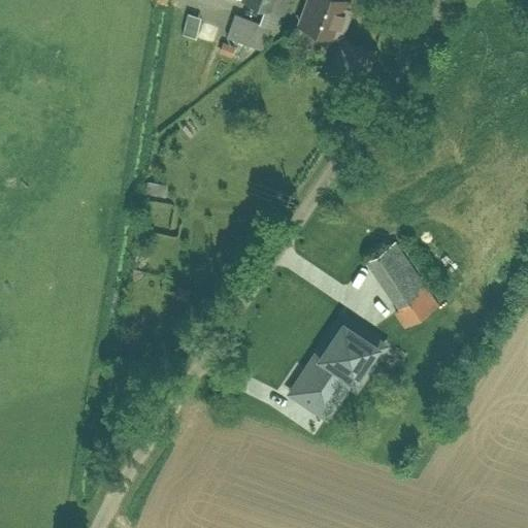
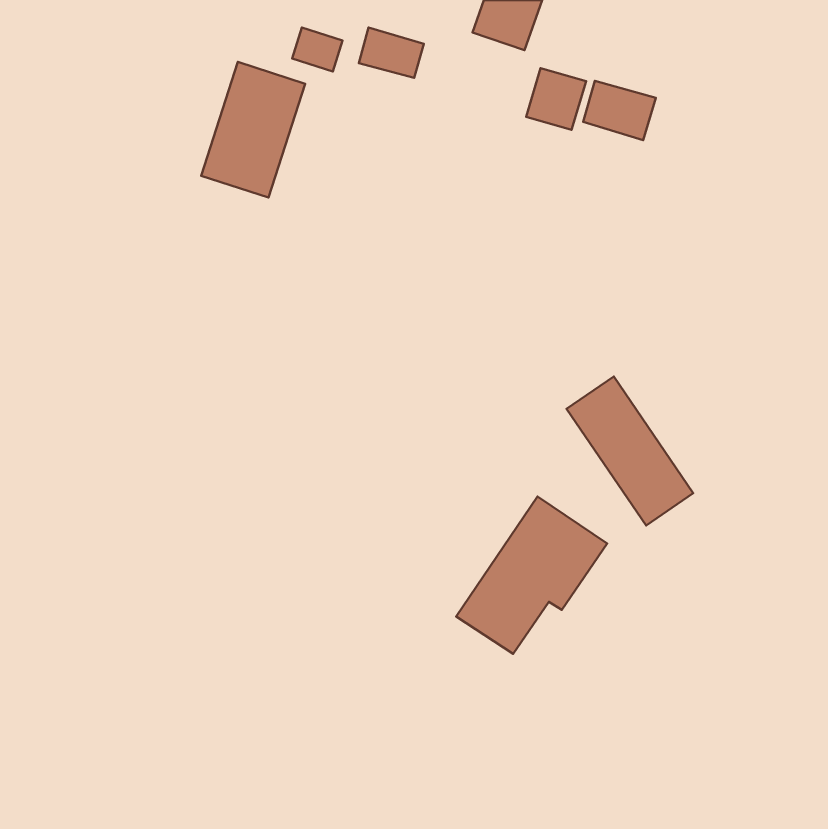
building: none -> [201,62,305,198]
building: none -> [583,81,656,140]

